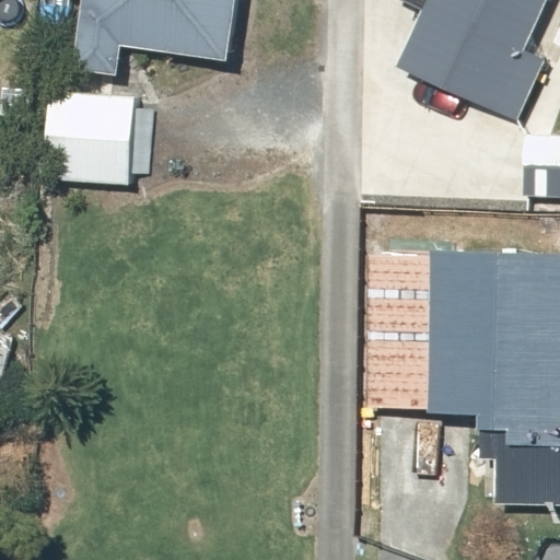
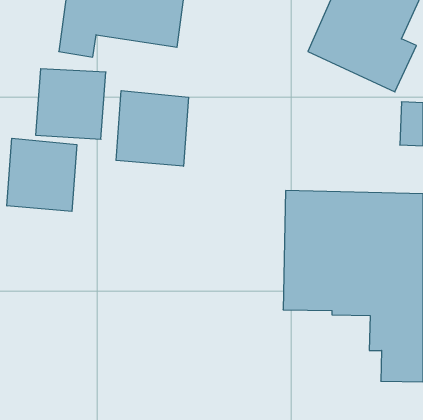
building: none -> [116,91,188,166]
building: none -> [7,138,77,211]

